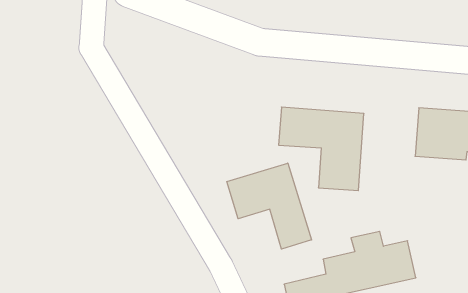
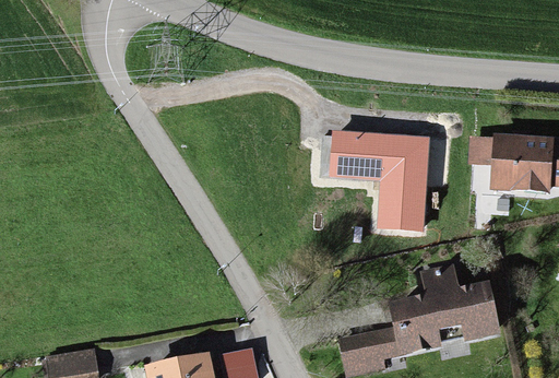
building: [227,163,312,249] -> none

